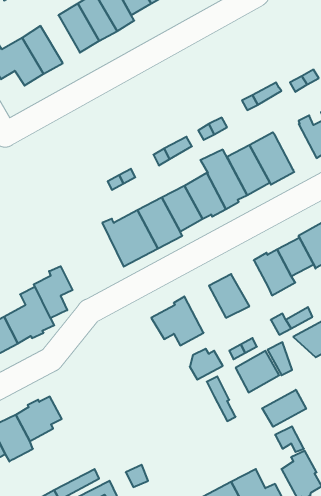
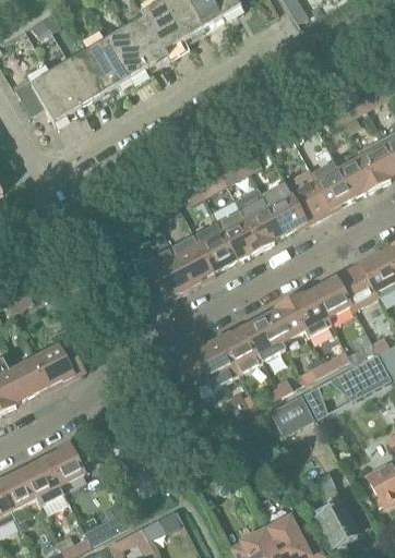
building: none -> [70,50,110,99]
building: none -> [310,161,352,208]
building: none -> [265,301,303,348]
building: [34,266,73,318] -> none
building: none -> [217,327,261,375]
building: [262,390,306,427] -> none

